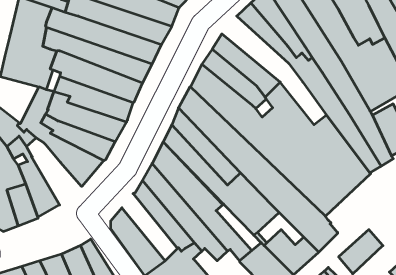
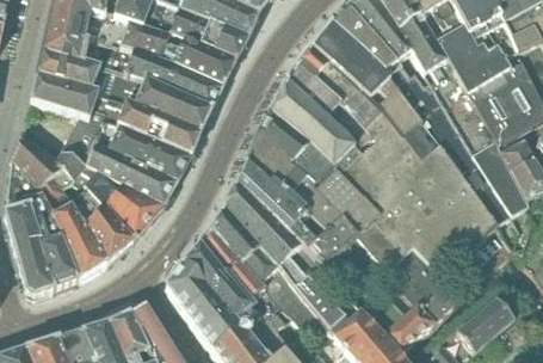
building: none -> [310,23,443,160]
building: none -> [69,185,132,262]
building: none -> [184,247,254,332]

